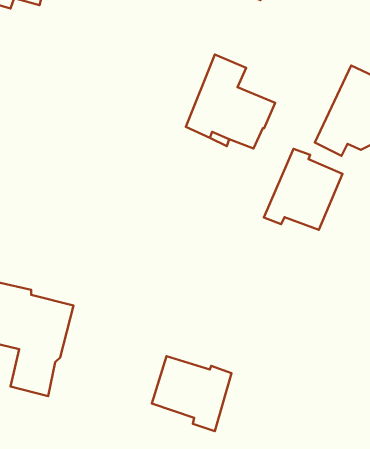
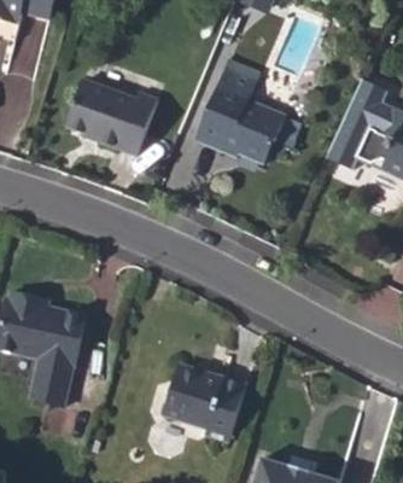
building: none -> [68,78,157,153]
building: [264,149,342,230] -> none

